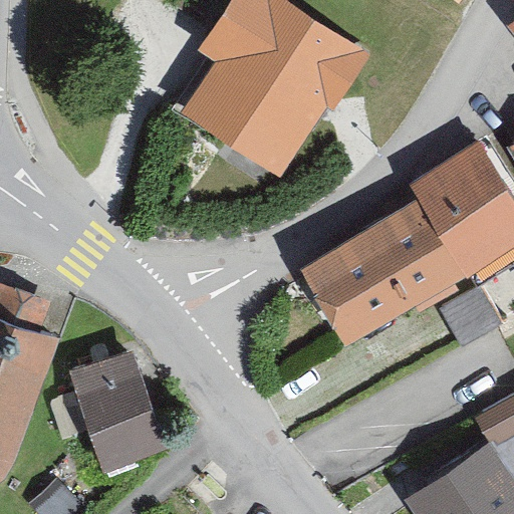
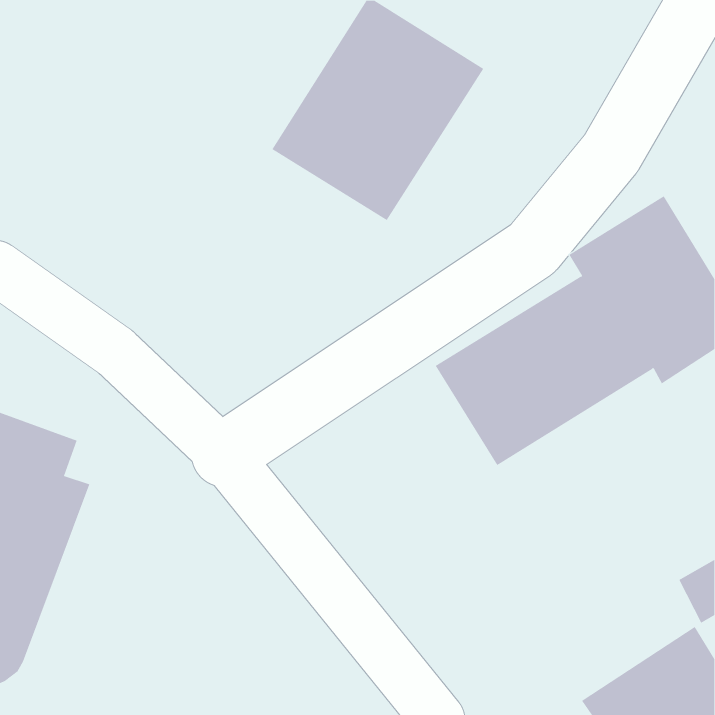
building: [69,353,155,463] -> none

